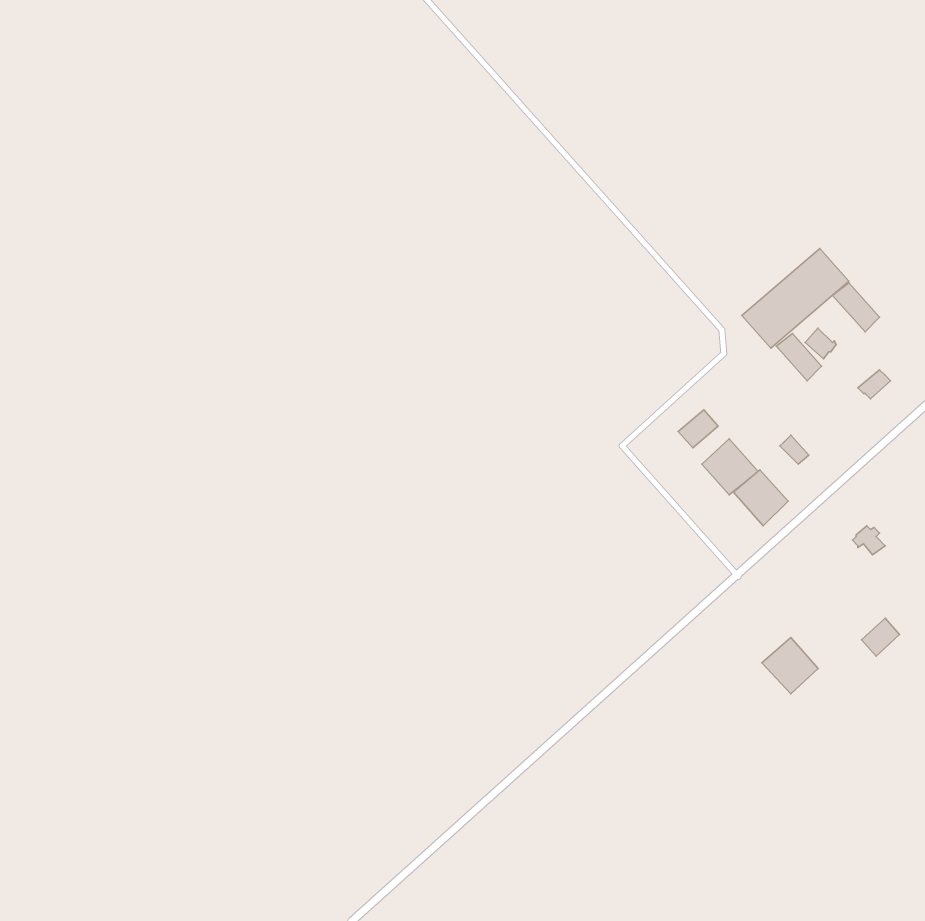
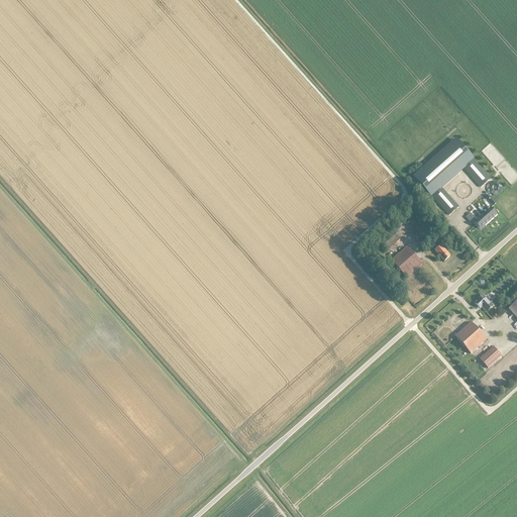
building: [733,470,788,526] -> none
building: [762,638,818,694] -> [455,320,487,351]

